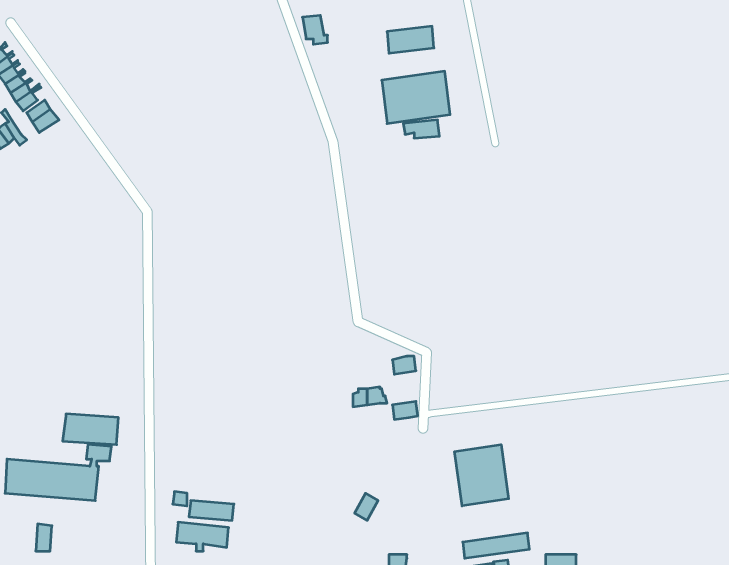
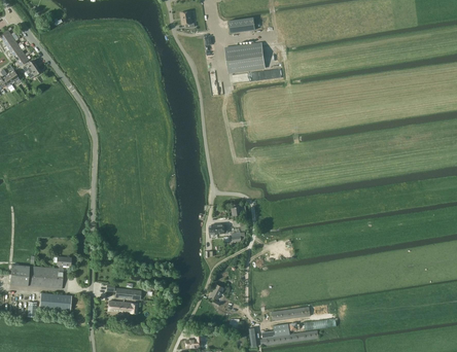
building: [63,414,118,445] -> [39,292,71,310]
building: [455,445,509,506] -> none

